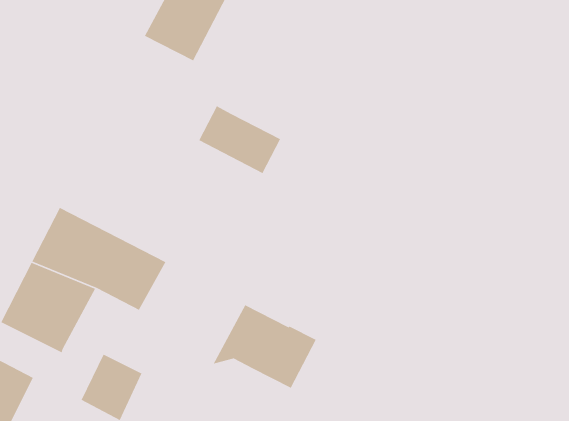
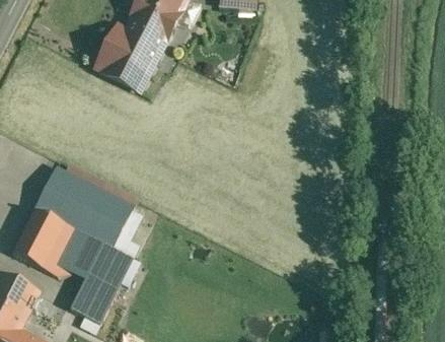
building: [198,105,281,174] -> [93,37,153,86]
building: [212,304,317,389] -> [60,224,135,285]

